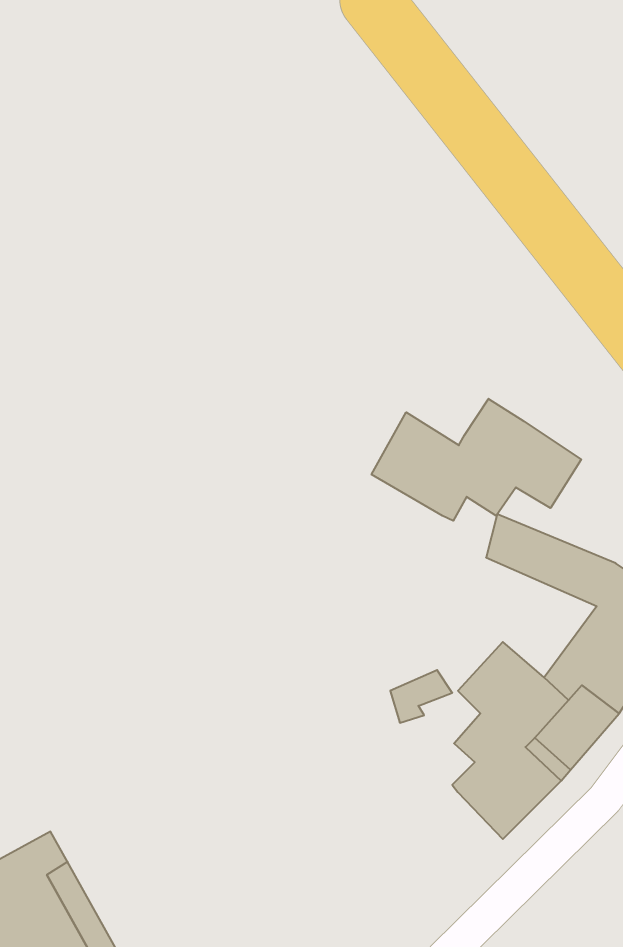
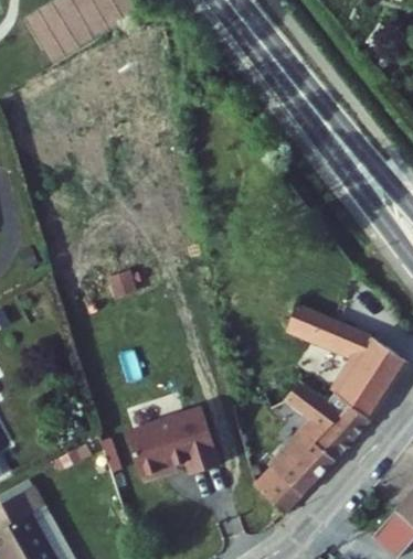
building: [372,399,581,521] -> none
building: none -> [123,408,218,485]
building: none -> [255,466,299,513]

